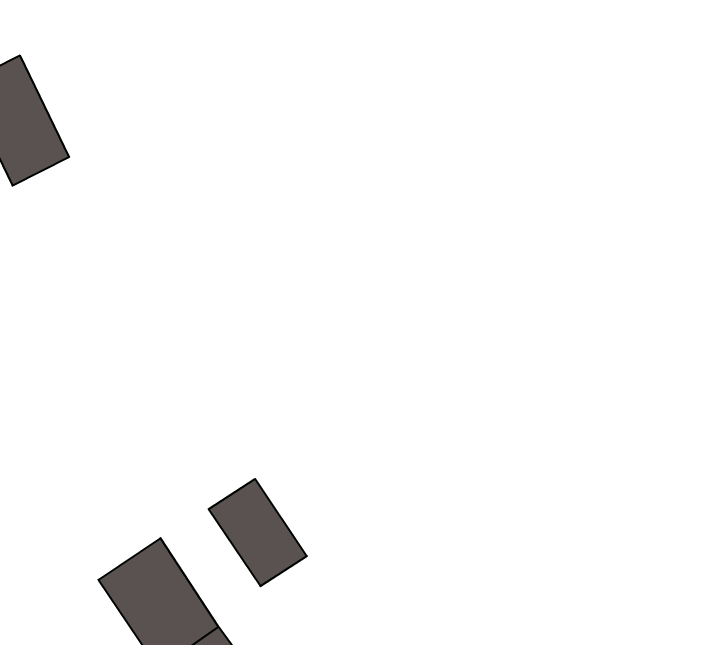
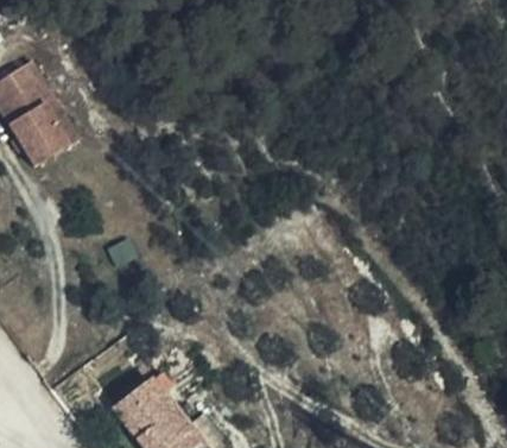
building: [209,479,307,586] -> none

